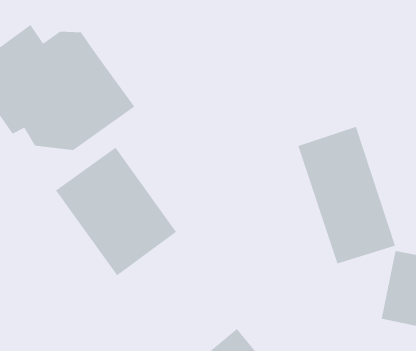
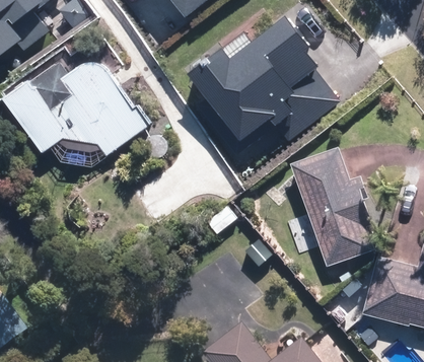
building: none -> [111,42,315,136]
building: [55,147,177,276] -> none

